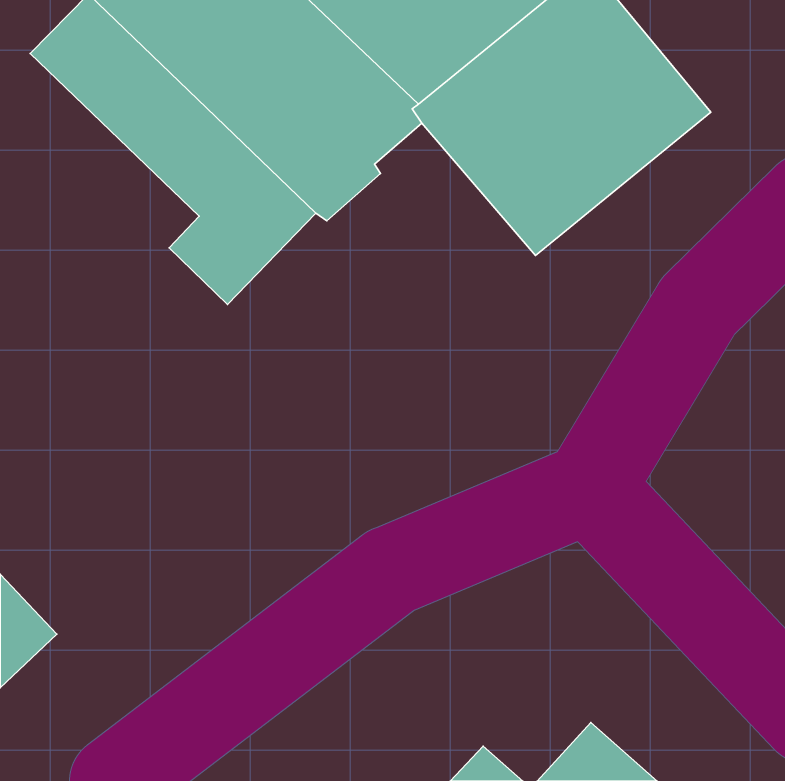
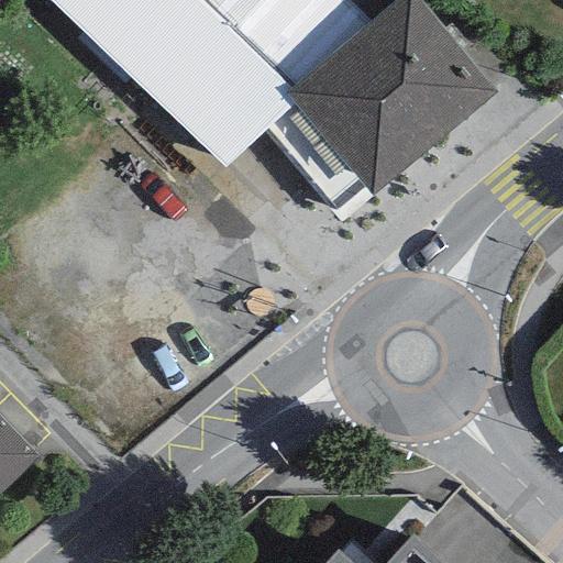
building: none -> [276,86,388,207]

